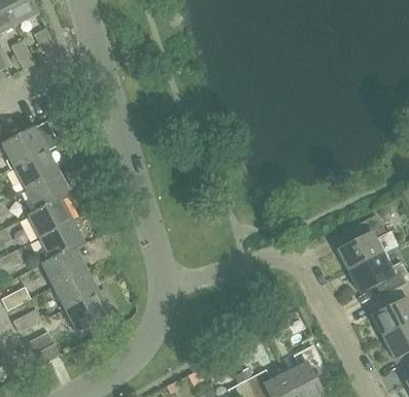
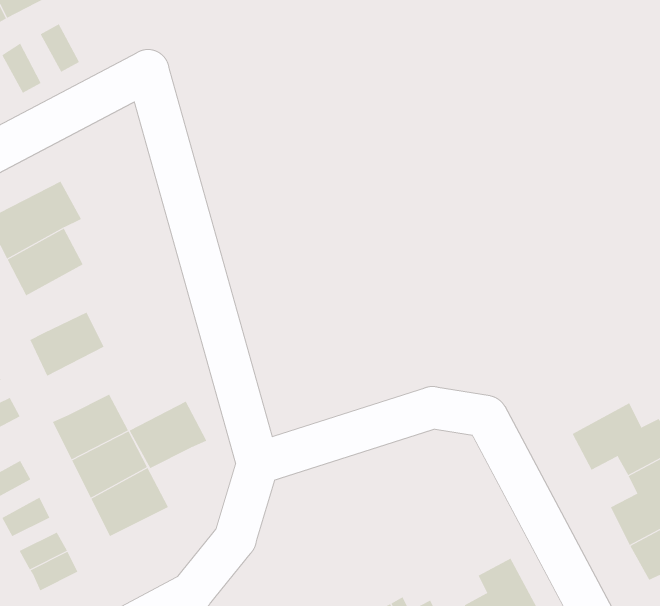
building: [26,171,71,211] -> none
building: [337,214,385,271] -> none
building: [38,220,84,260] -> [129,401,207,469]

